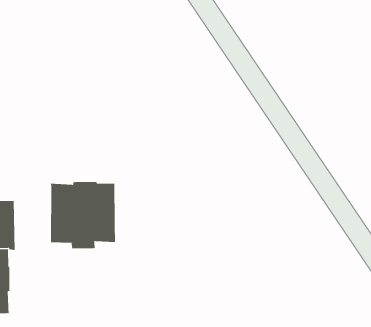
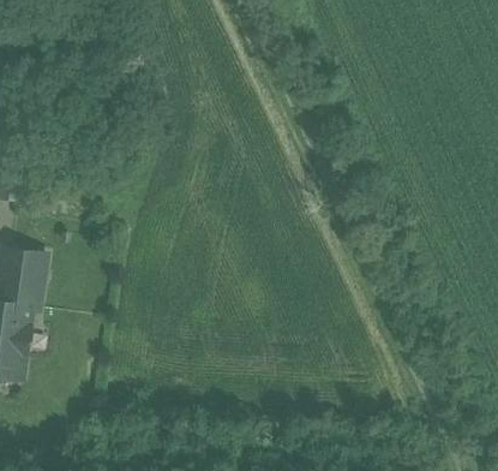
building: [50,181,116,249] -> none

